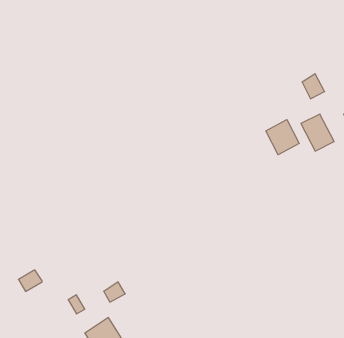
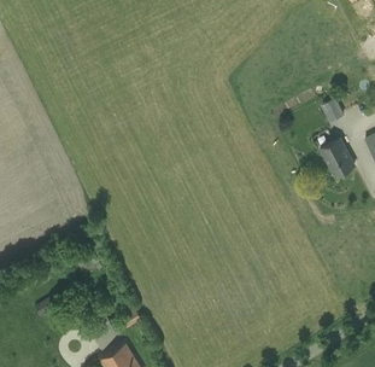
building: [266,120,299,155] -> none

